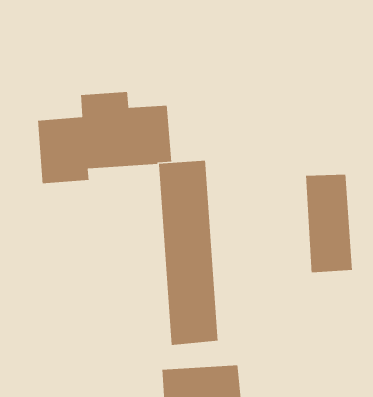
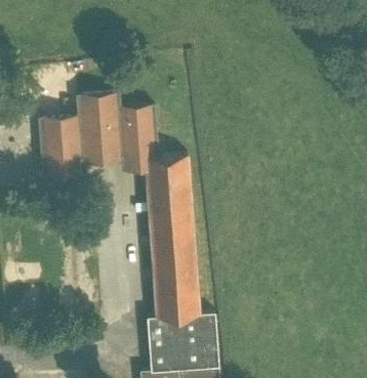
building: [305,174,353,273] -> none
building: none -> [147,312,216,338]

